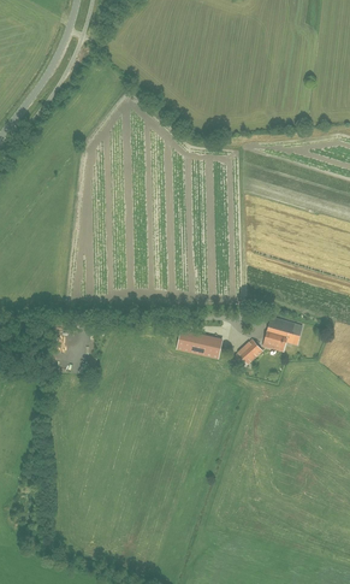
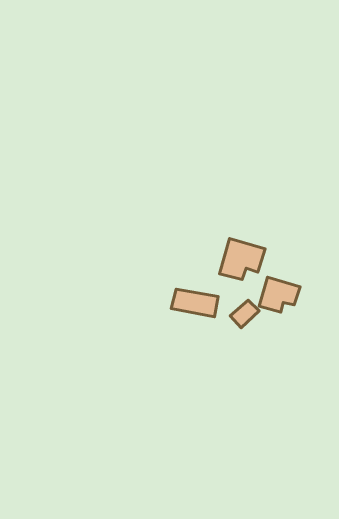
building: none -> [219,238,265,280]

